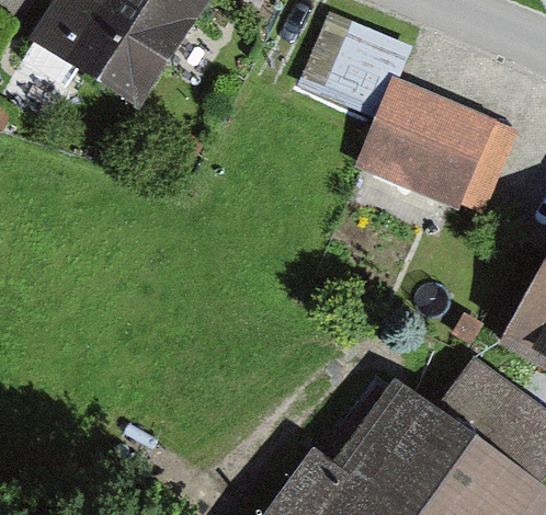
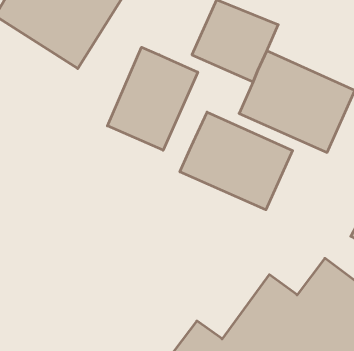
building: none -> [107,47,198,150]
building: none -> [180,112,293,210]

